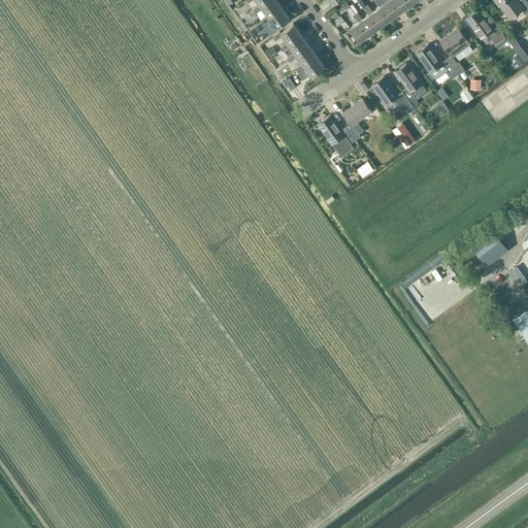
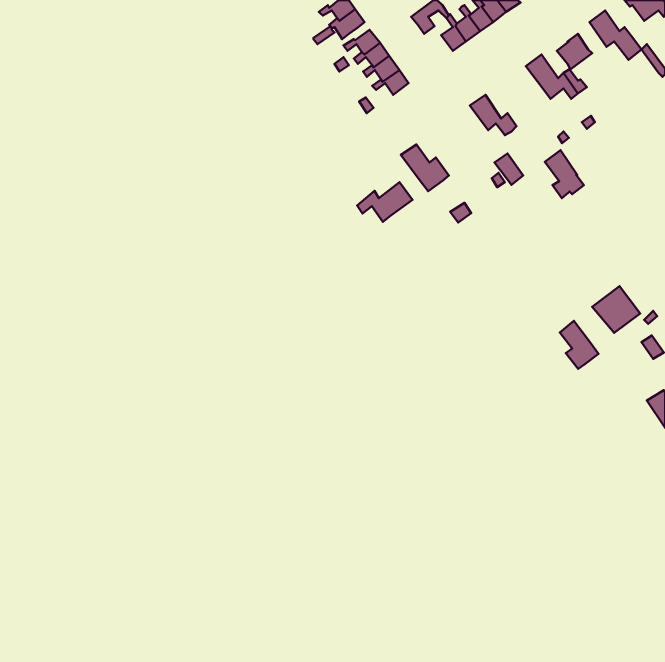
building: [396,64,427,102] -> [545,150,584,198]
building: [343,100,372,141] -> none
building: none -> [357,182,413,222]
building: none -> [560,321,598,369]

